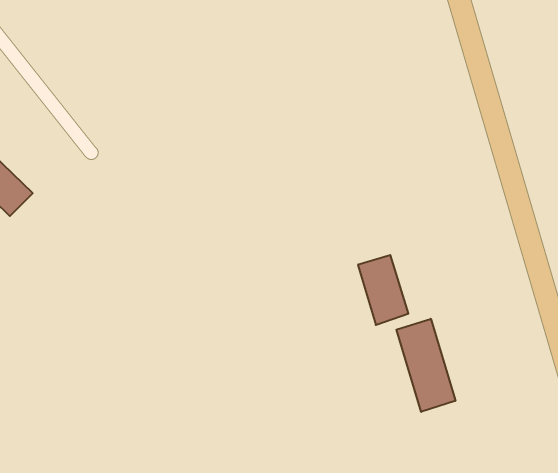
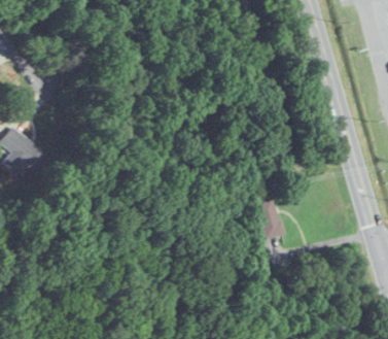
building: [396,319,455,412] -> none

